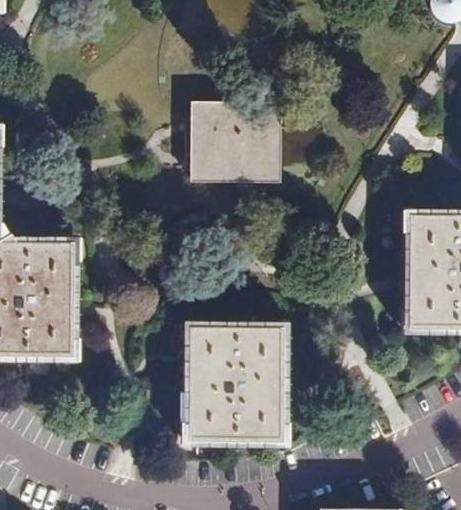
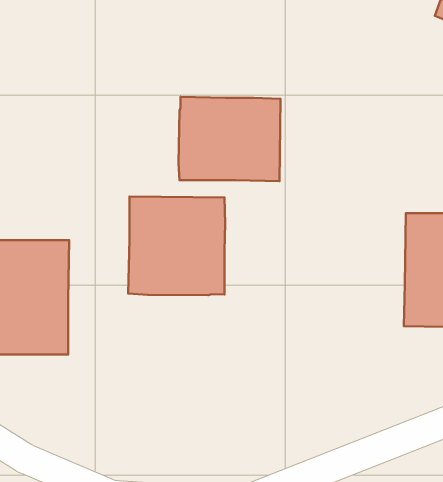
building: none -> [128,196,225,295]
building: [187,328,282,441] -> none

